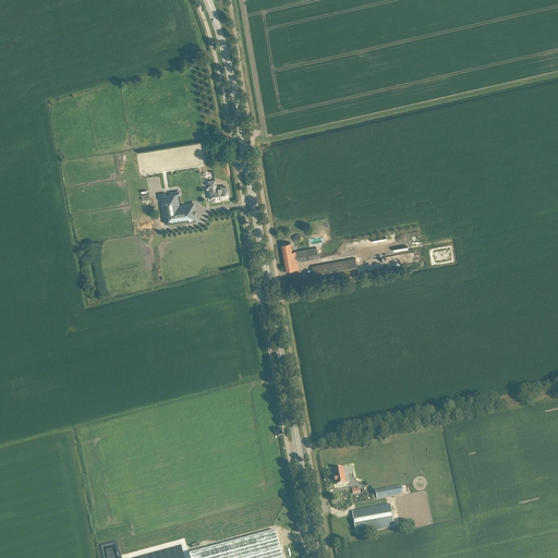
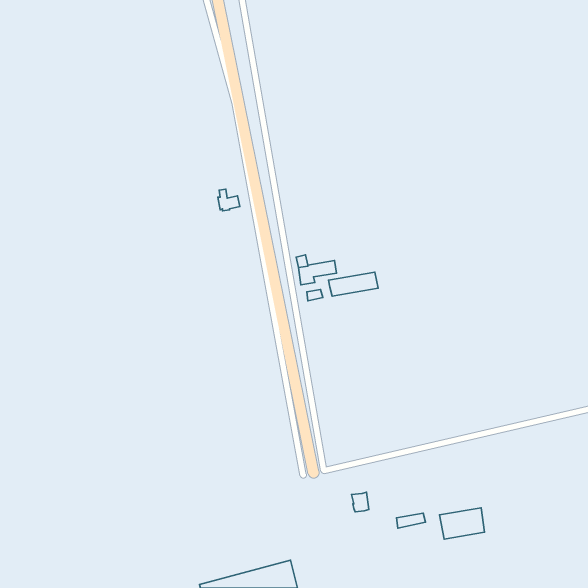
building: [160,193,190,222] -> none
building: [351,504,393,533] -> [440,508,484,539]

